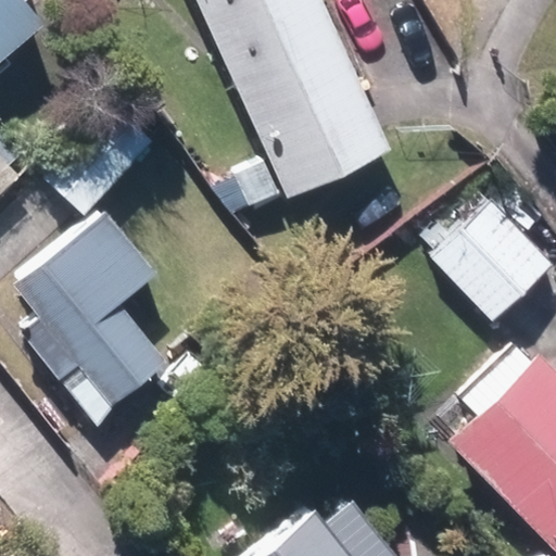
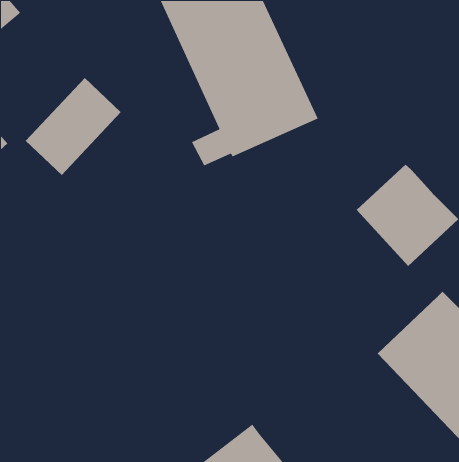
building: [20,217,164,405] -> none

